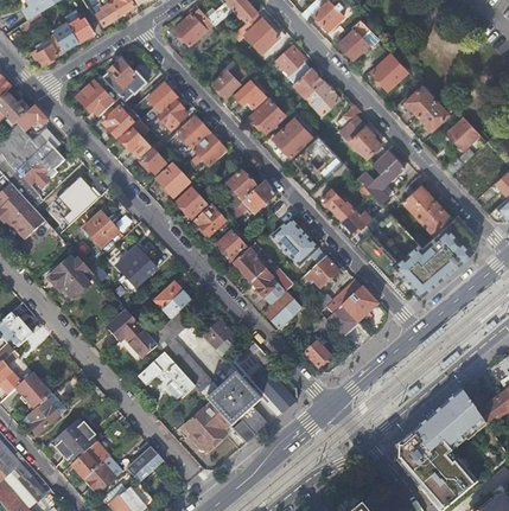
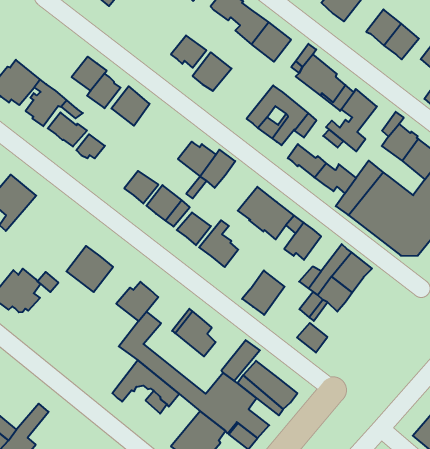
building: [102,60,147,102] -> none
building: [212,63,248,95] -> none
building: [273,116,312,155] -> none
building: [193,133,227,167] -> none
building: [157,164,191,197] -> none
building: [84,210,119,245] -> none
building: [252,268,293,305] -> none
building: [107,308,158,356] -> none

